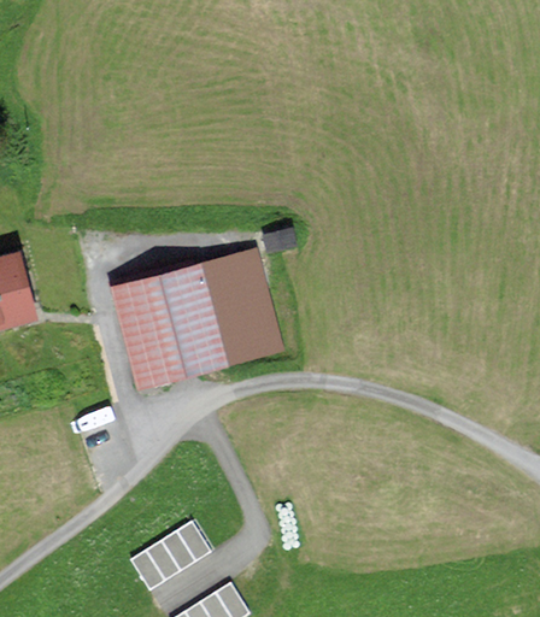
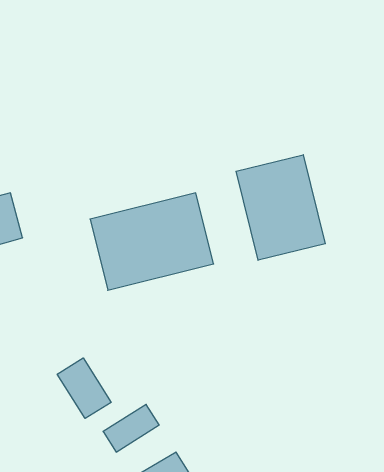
building: none -> [236,155,325,260]
building: none -> [57,358,111,418]

